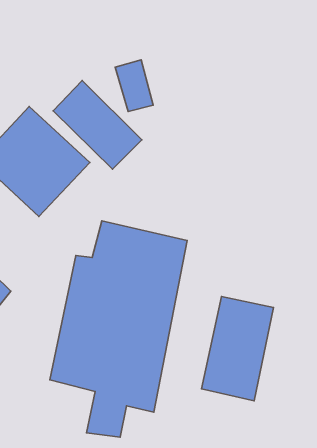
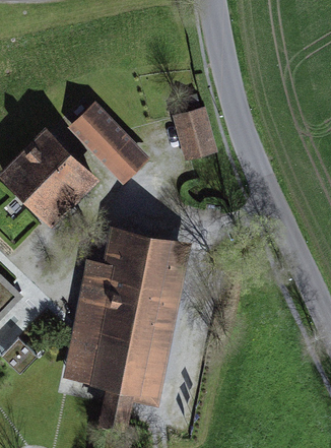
building: [115,60,153,112] -> [176,108,211,156]
building: [201,297,274,401] -> none

